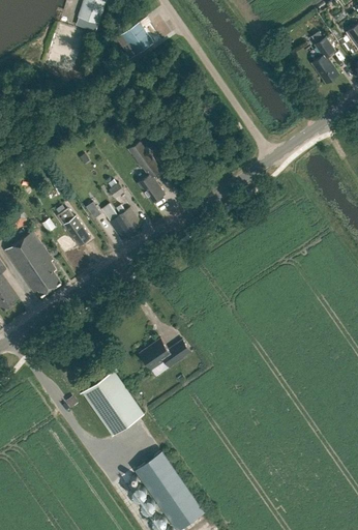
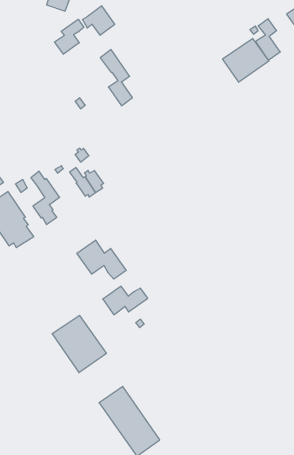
building: none -> [55,19,84,54]
building: none -> [223,38,269,82]
building: [128,141,165,204] -> [100,50,132,106]
building: none -> [77,240,126,279]

